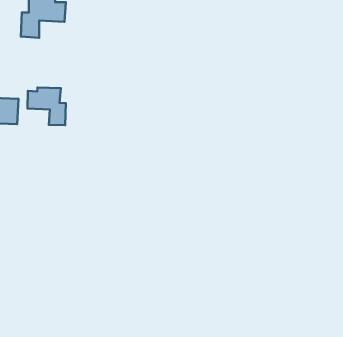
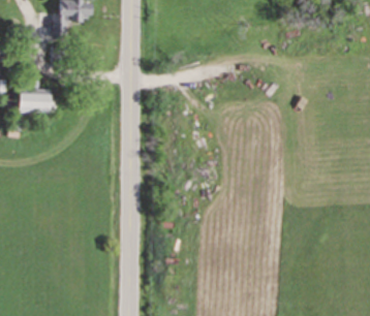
building: [27,87,66,125] -> none

